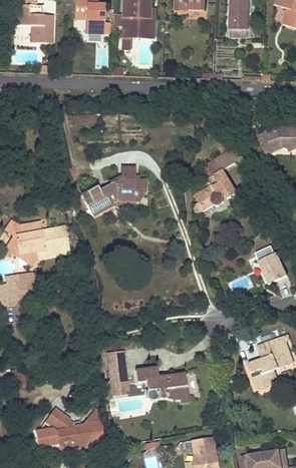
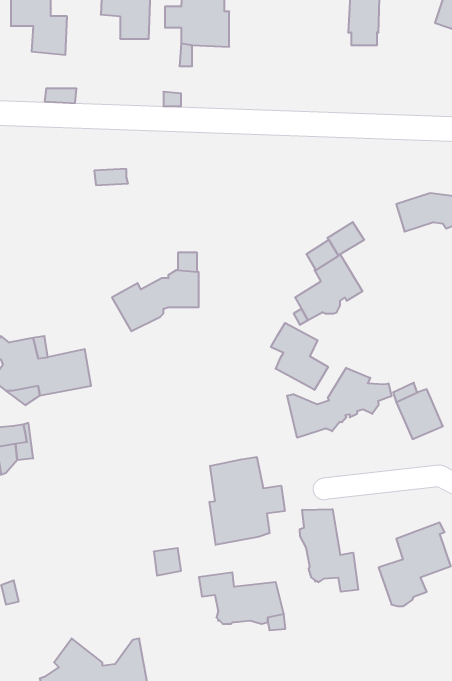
building: none -> [271,323,328,390]
building: none -> [287,368,391,438]
building: none -> [210,457,285,545]
building: none -> [300,509,358,592]
building: [108,365,127,393] -> none

